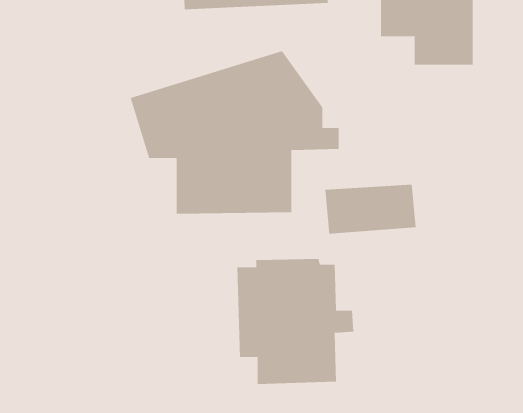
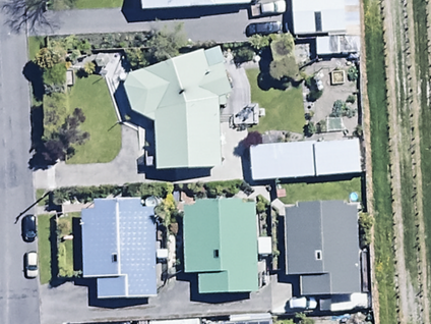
building: none -> [314,139,360,174]
building: none -> [82,198,157,299]
building: none -> [284,200,359,294]

